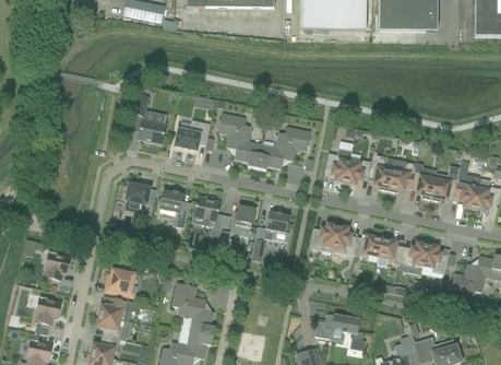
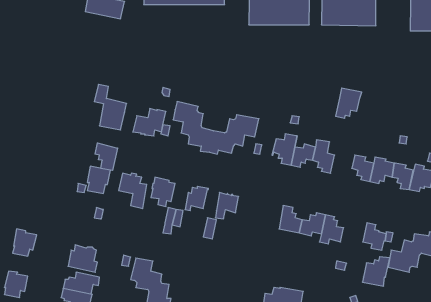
building: none -> [95,143,118,170]
building: [389,158,417,191] -> [336,88,362,118]
building: [310,223,337,251] -> none
building: [398,242,428,273] -> [362,257,390,286]

